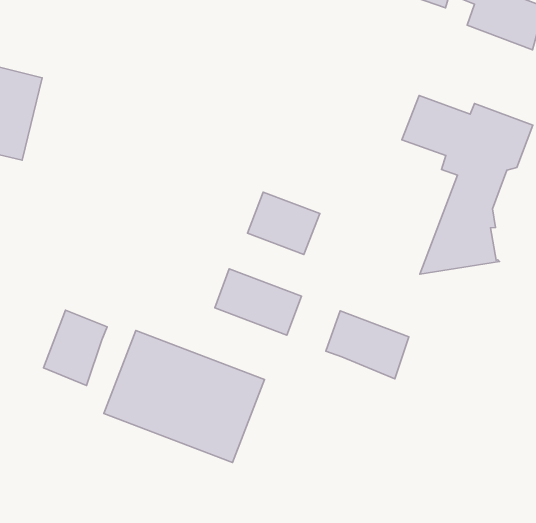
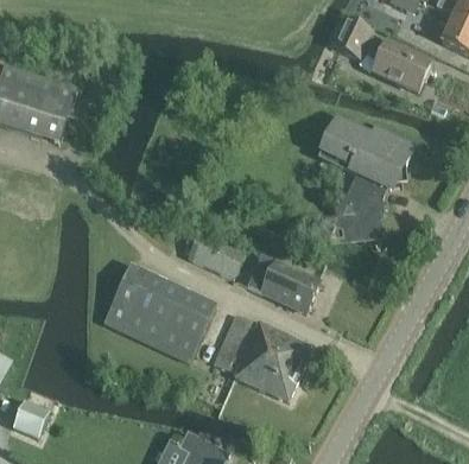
building: [247,192,320,255] -> none
building: [44,310,107,386] -> none
building: none -> [213,316,311,400]

